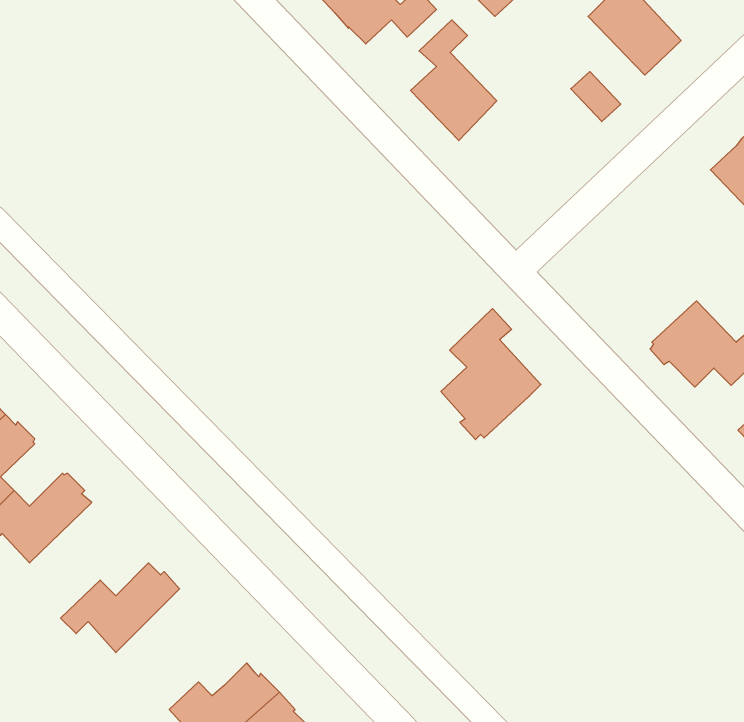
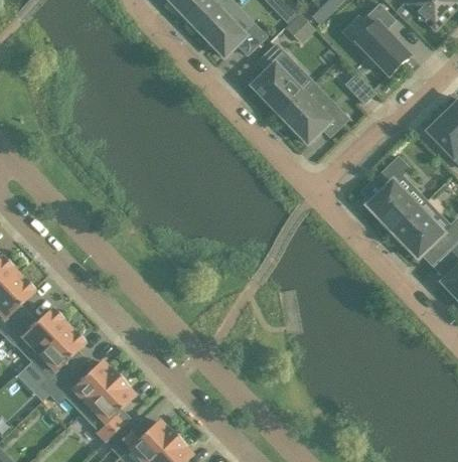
building: none -> [281,91,348,143]
building: [441,309,541,440] -> [368,156,427,233]
building: none -> [30,325,84,393]
building: none -> [81,375,134,440]

